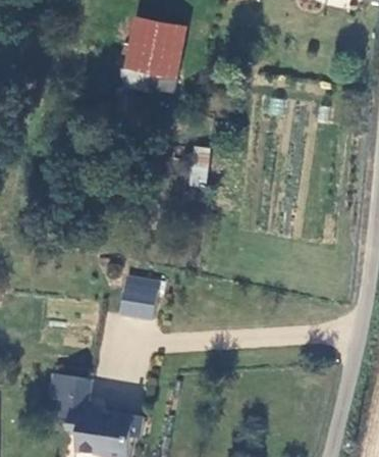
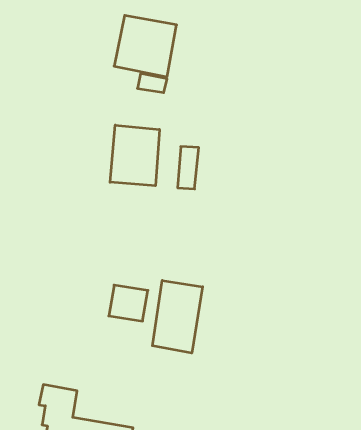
building: none -> [110,125,159,186]
building: none -> [152,280,203,353]

